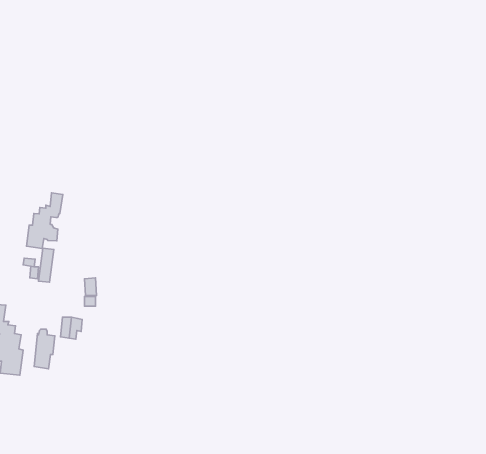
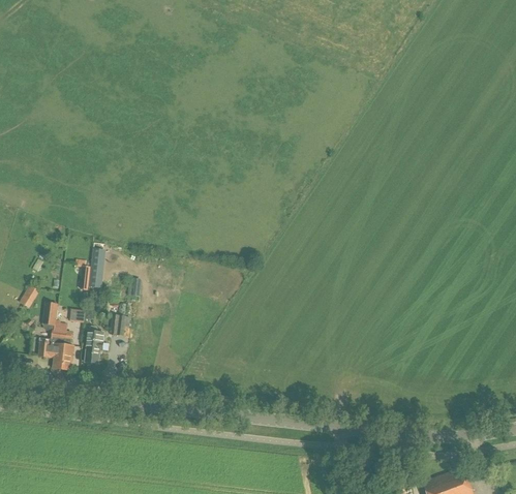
building: [26,193,63,248] -> none

